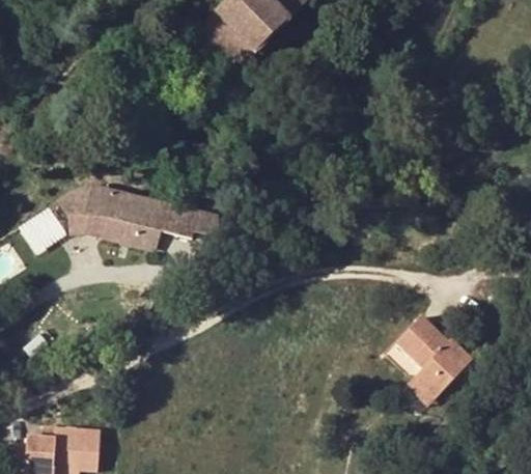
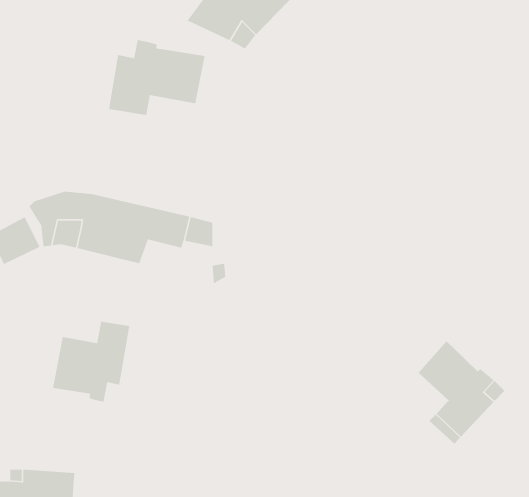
building: none -> [108,39,205,116]
building: none -> [52,321,130,402]

